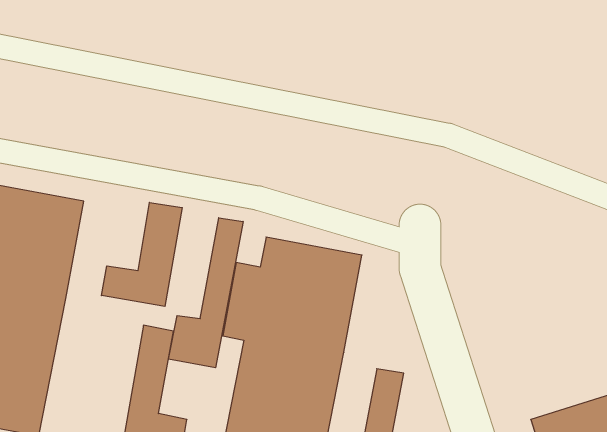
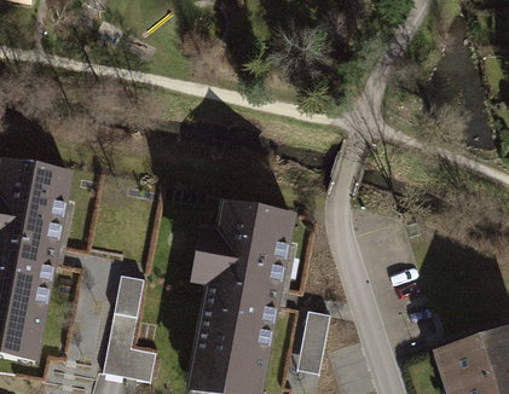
building: [101,202,182,306] -> none
building: [169,218,243,368] -> none

